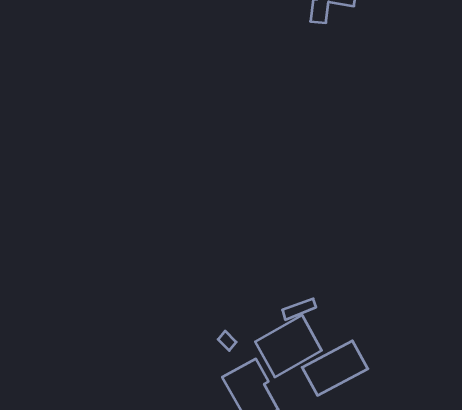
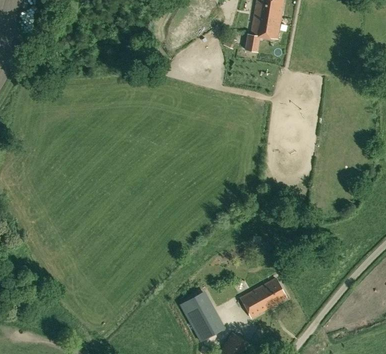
building: [255,315,322,377] -> none

